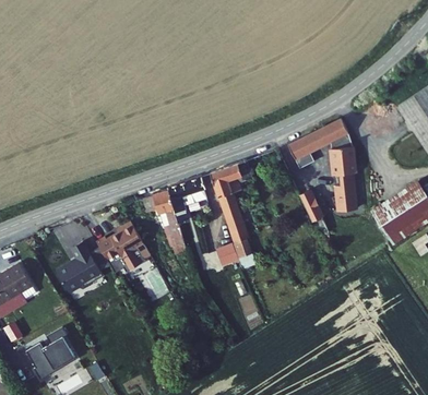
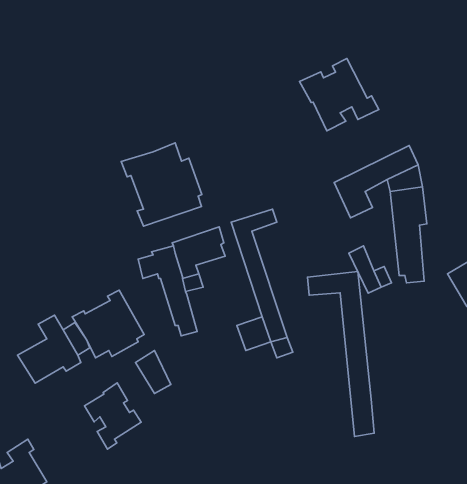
building: none -> [300,58,379,131]
building: none -> [121,143,202,226]
building: none -> [307,272,374,436]
building: none -> [84,383,141,449]

